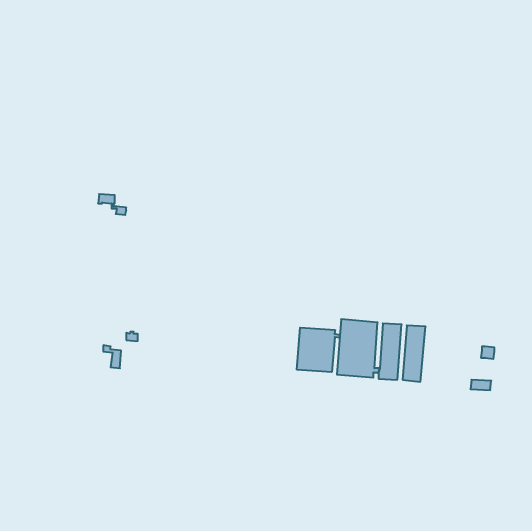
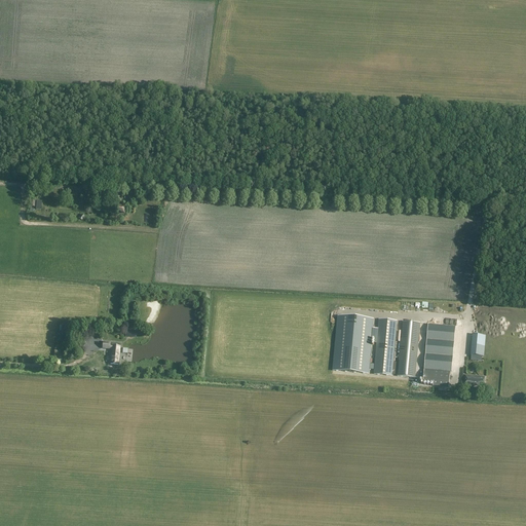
building: [297,328,340,372] -> none
building: none -> [422,323,453,385]

